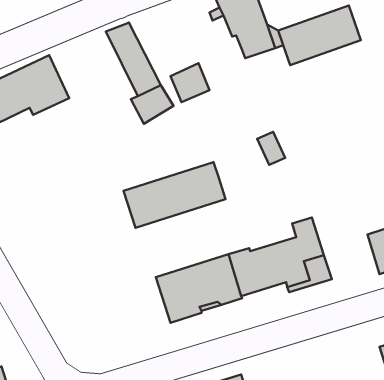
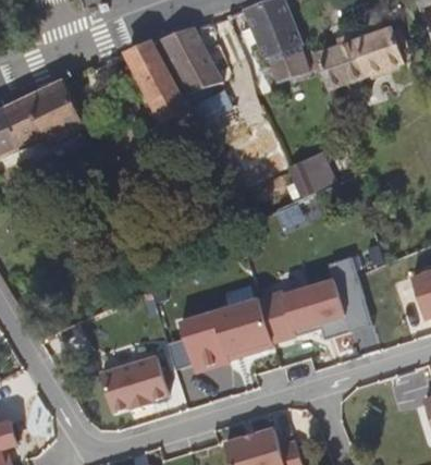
building: none -> [157,26,222,94]
building: [123,162,226,228] -> none
building: none -> [100,355,169,412]

